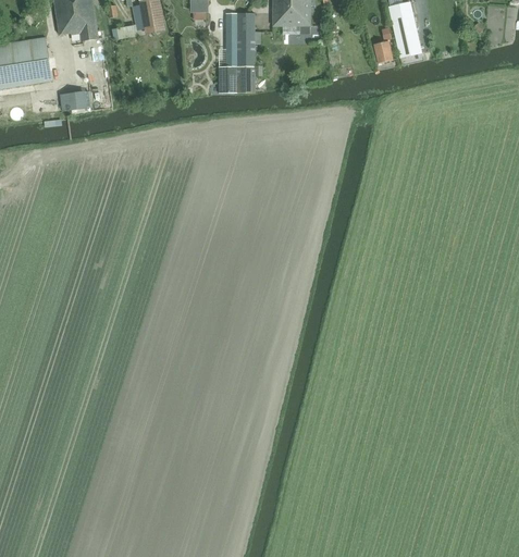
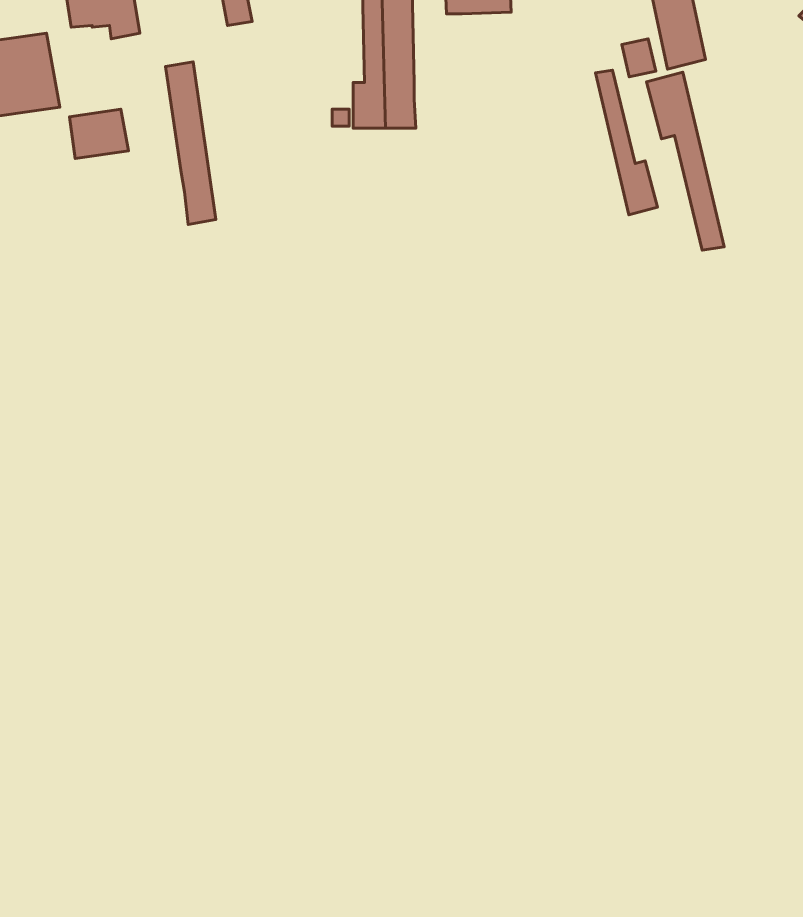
building: none -> [166,62,216,225]
building: none -> [595,70,657,215]
building: none -> [647,72,724,250]

